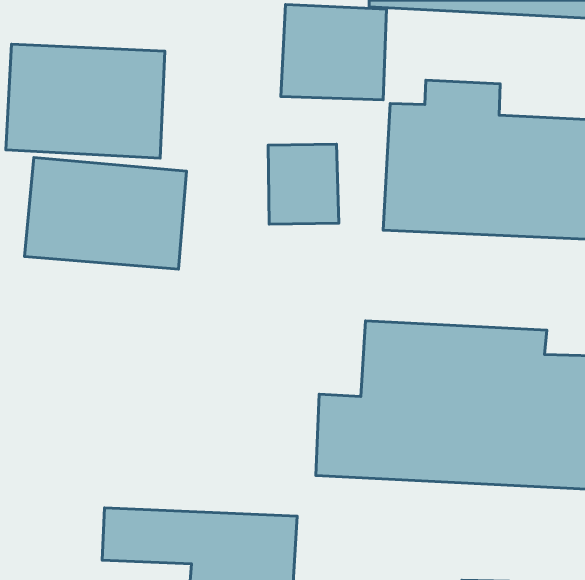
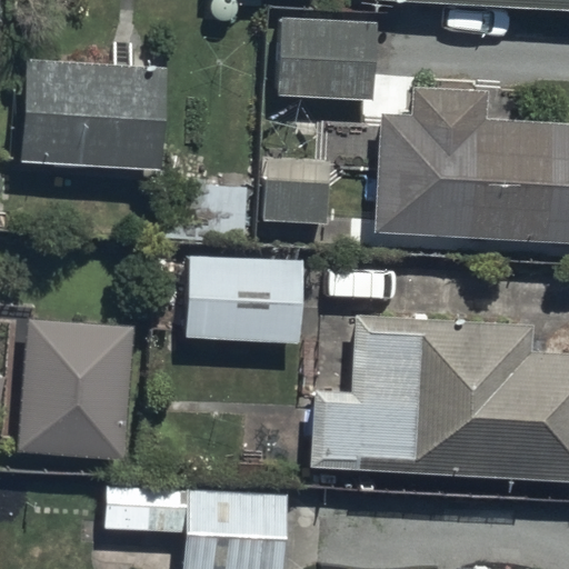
building: [24,158,186,269] -> none
building: none -> [181,254,306,346]
building: none -> [16,321,134,463]

